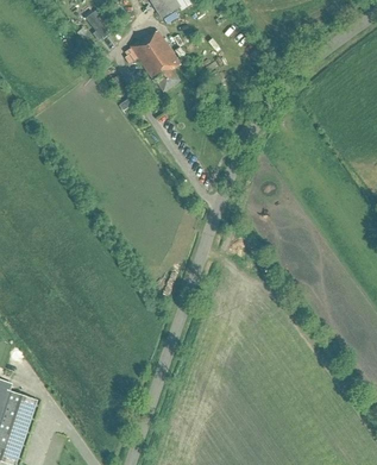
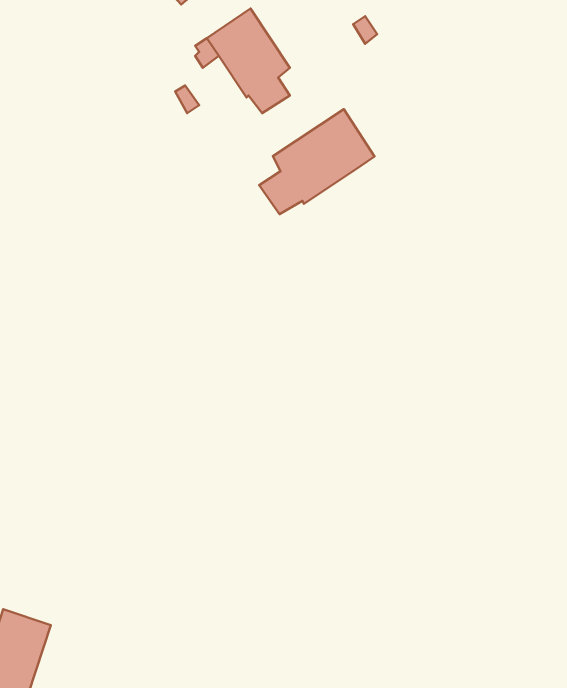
building: none -> [259,109,375,214]

